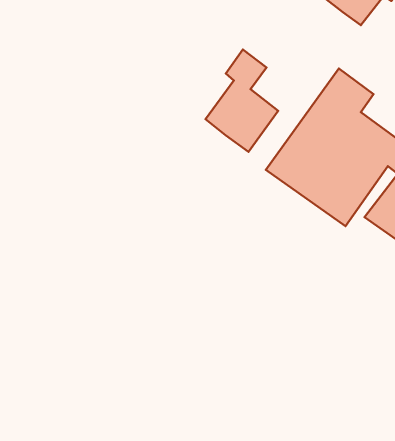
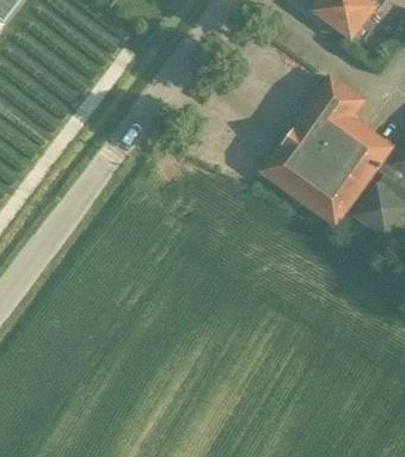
building: [205,50,278,152] -> none

